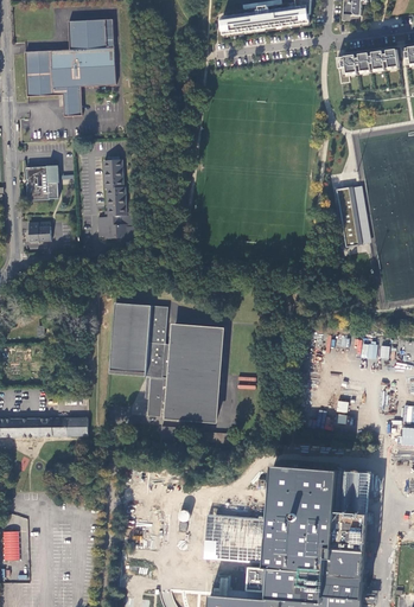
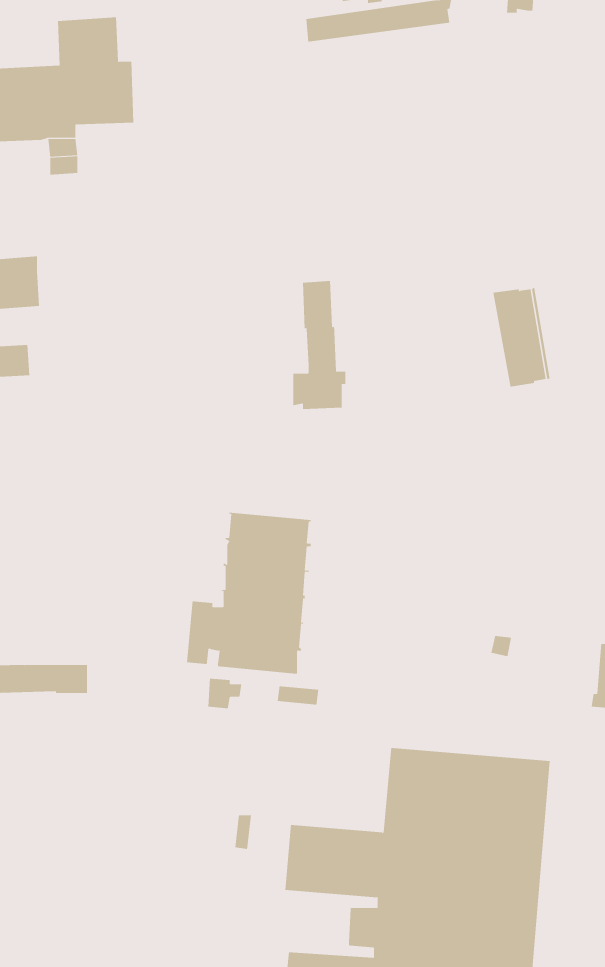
building: [336,49,399,82] -> none
building: [97,159,130,238] -> [292,281,346,410]
building: [109,302,171,377] -> none

